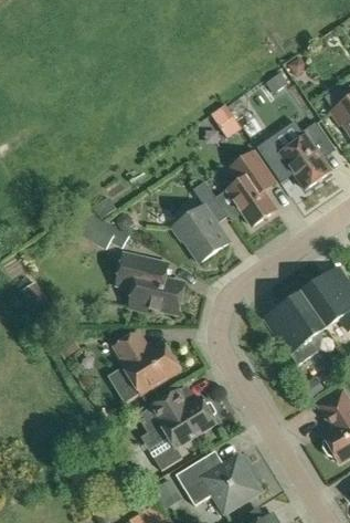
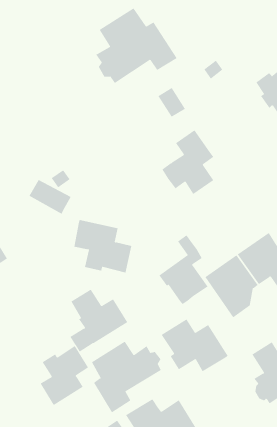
building: none -> [96,8,177,84]
building: [256,122,332,188] -> none
building: [173,180,230,260] -> [159,235,208,305]
building: none -> [161,319,228,372]
building: none -> [40,345,89,406]

